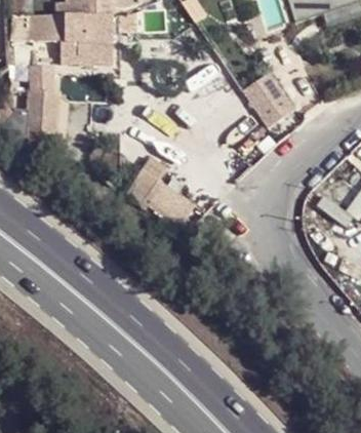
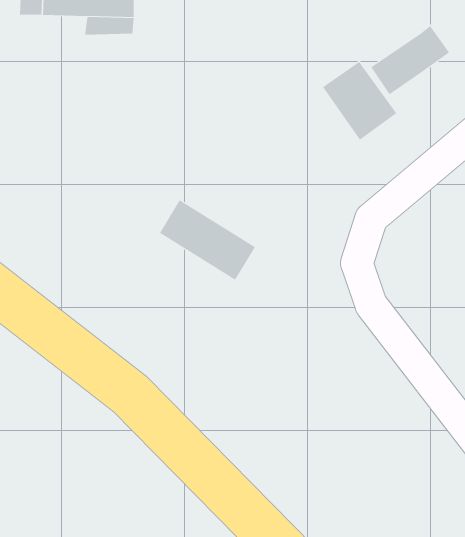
building: none -> [371,25,450,95]
building: [28,63,63,129] -> none

